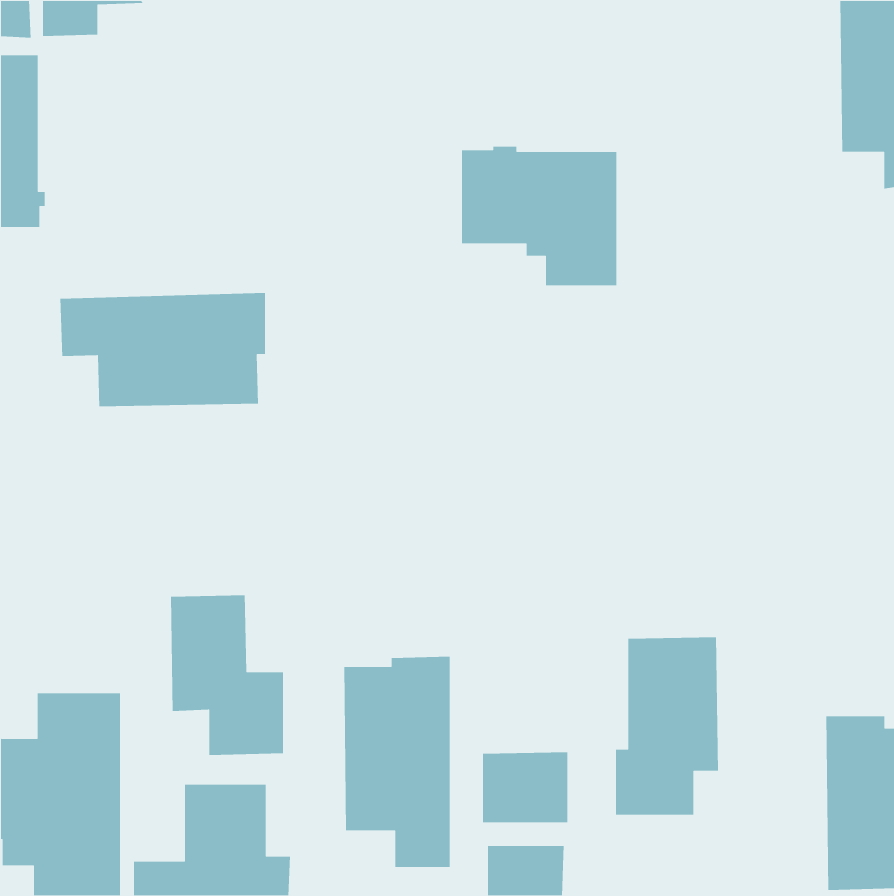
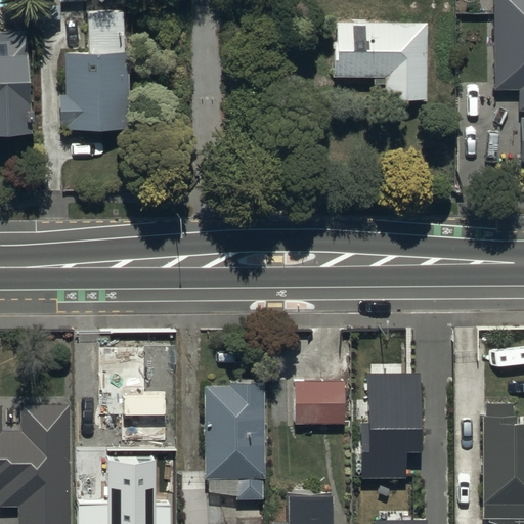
building: none -> [57,10,130,129]
building: [461,146,617,286] -> [334,19,425,101]
building: [60,292,266,407] -> none
building: [482,751,568,823] -> [296,385,346,427]

